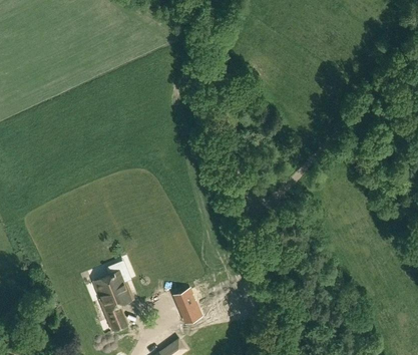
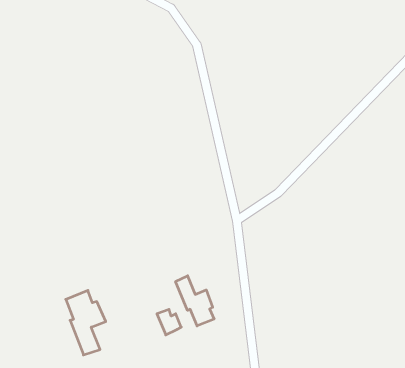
building: none -> [176,276,214,326]

